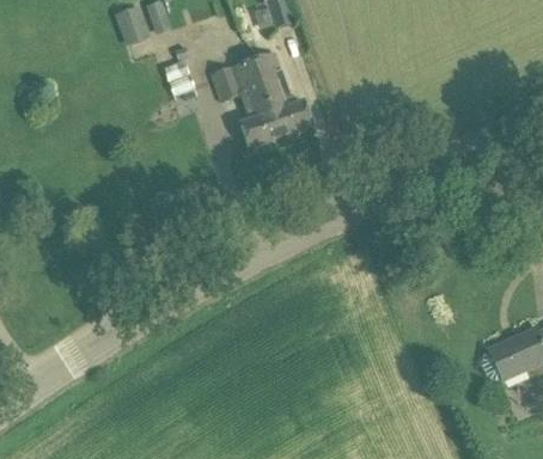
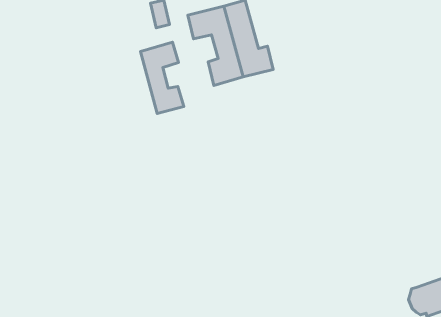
building: none -> [140,42,184,113]

